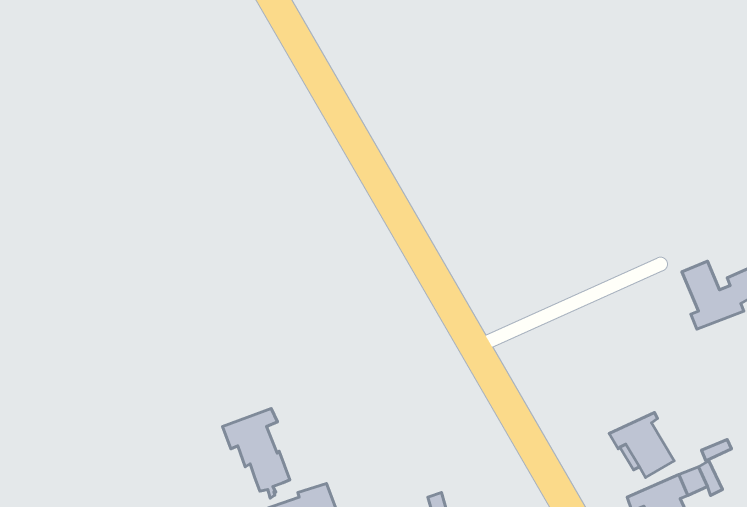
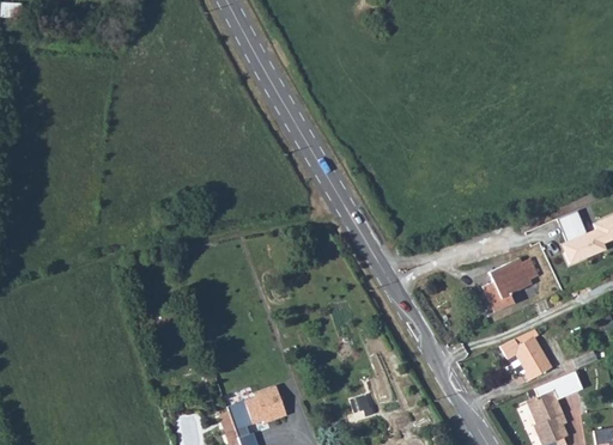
building: none -> [482,257,538,311]
building: [222,408,290,498] -> none

